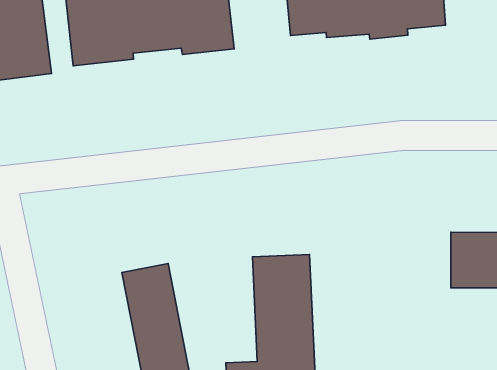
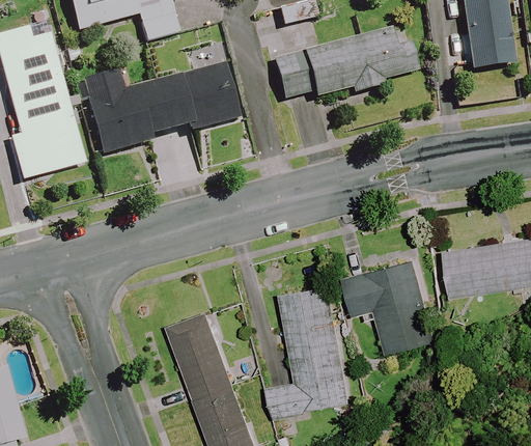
building: none -> [345,257,435,352]

